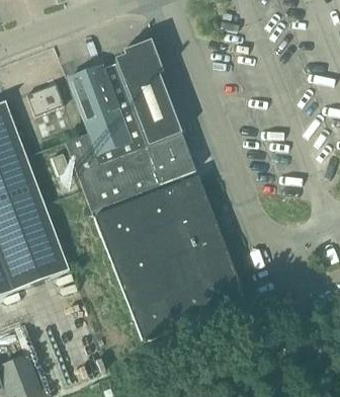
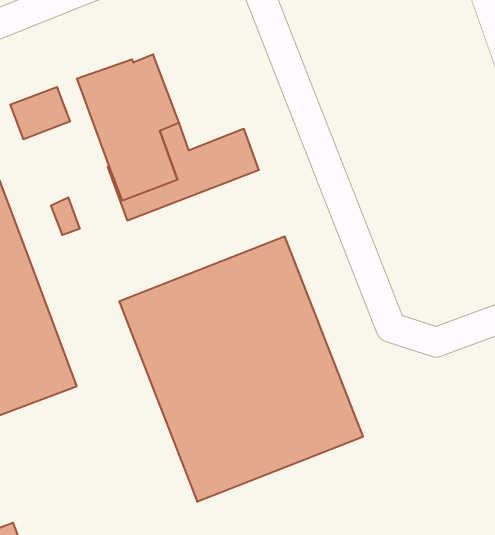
building: [116,38,171,121] -> none
building: [65,131,195,209] -> none

